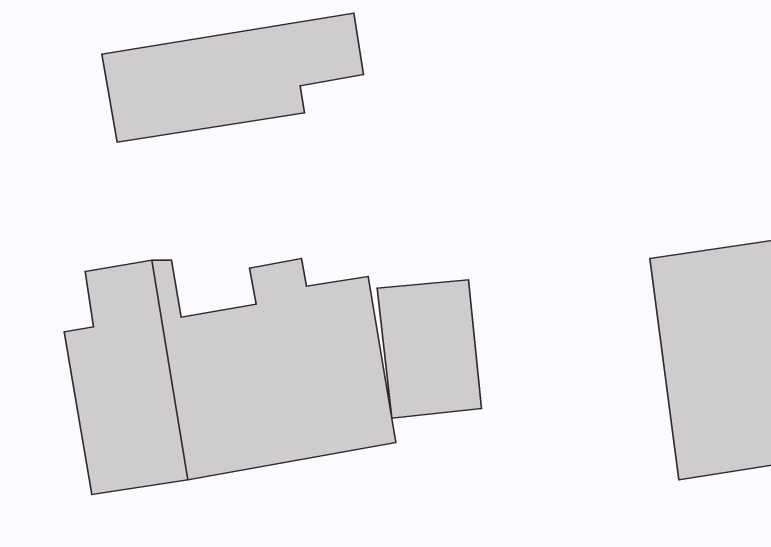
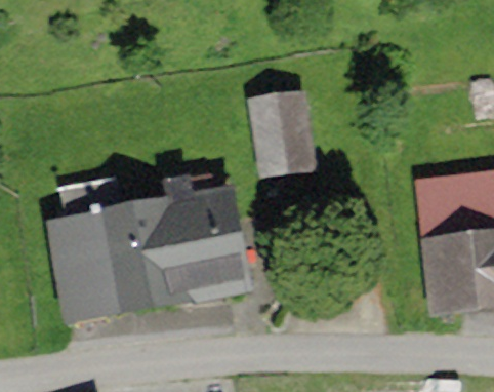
building: [102,13,363,142] -> none
building: [377,280,481,418] -> [248,86,314,173]

